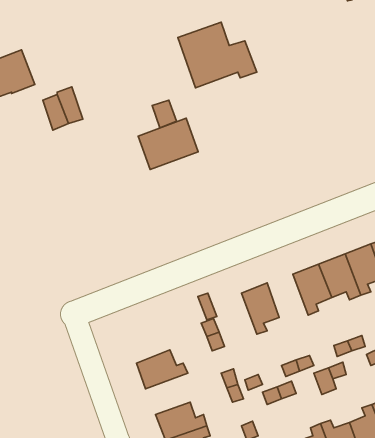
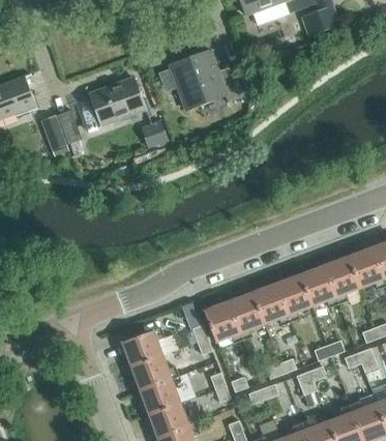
building: [138,118,198,170] -> [89,78,145,125]
building: none -> [251,284,290,325]
building: none -> [203,301,242,344]
building: none -> [121,327,164,366]
building: none -> [139,376,181,414]

